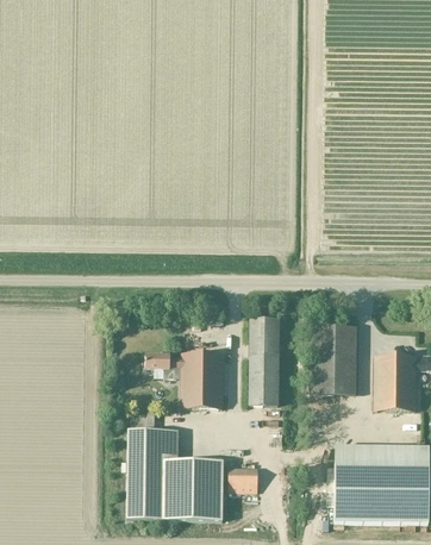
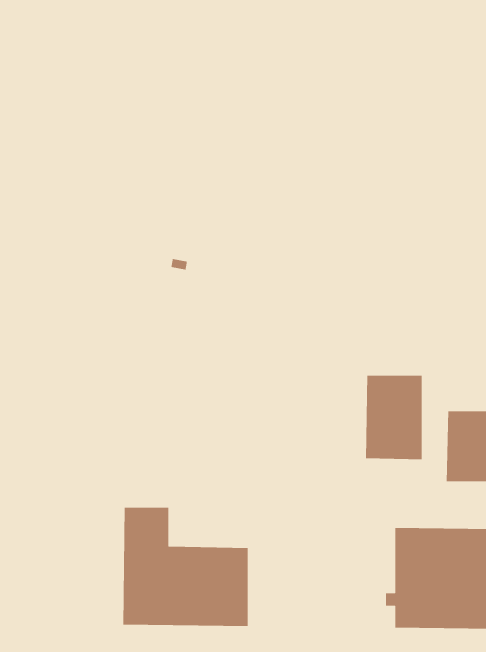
building: [249,317,279,403] -> none
building: [145,351,223,407] -> none
building: [227,465,257,491] -> none

